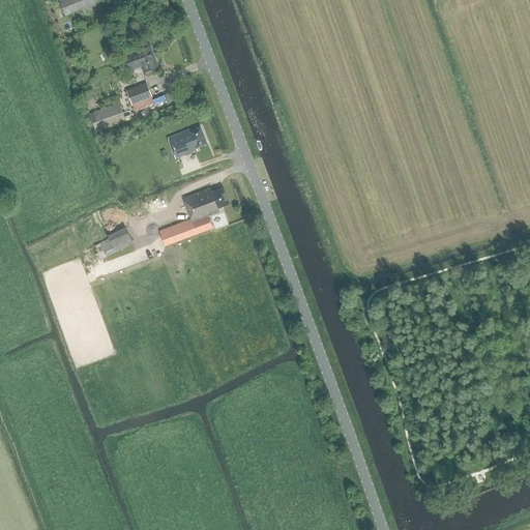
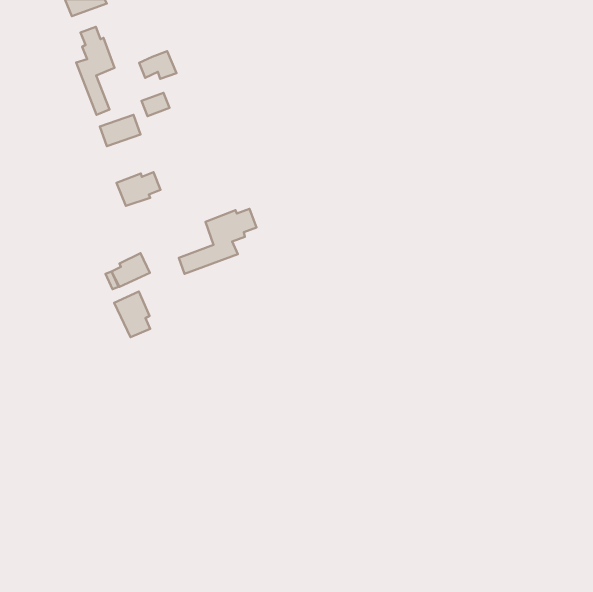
building: none -> [76,27,115,115]
building: [167,127,206,157] -> [116,172,160,206]
building: none -> [114,291,150,337]

